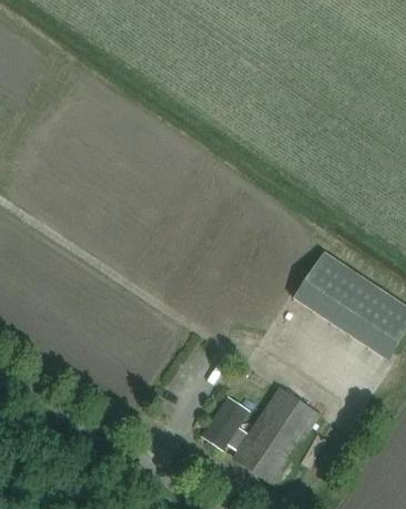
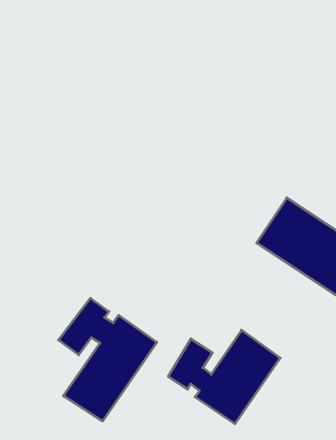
building: none -> [58,298,157,421]

